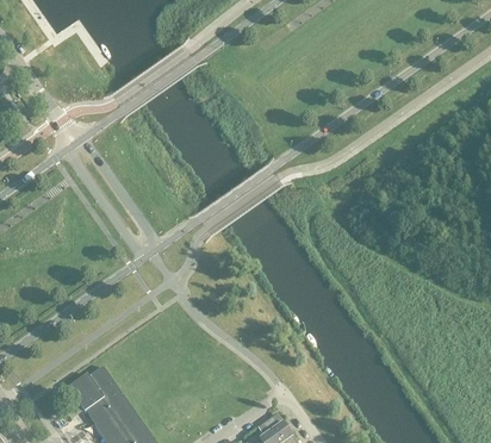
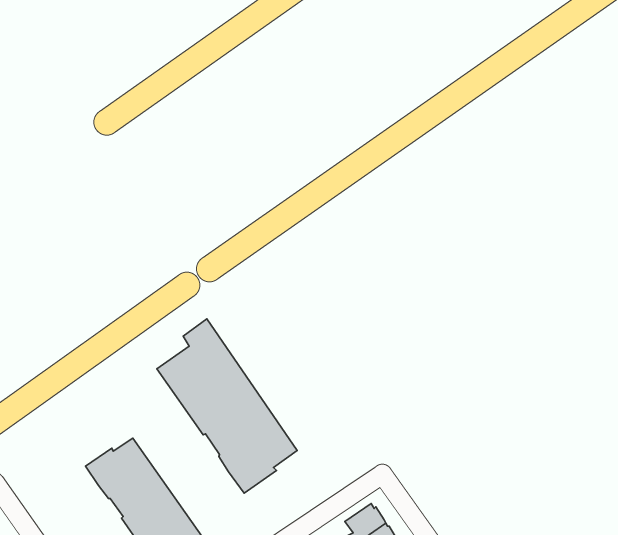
building: none -> [157,319,297,493]

